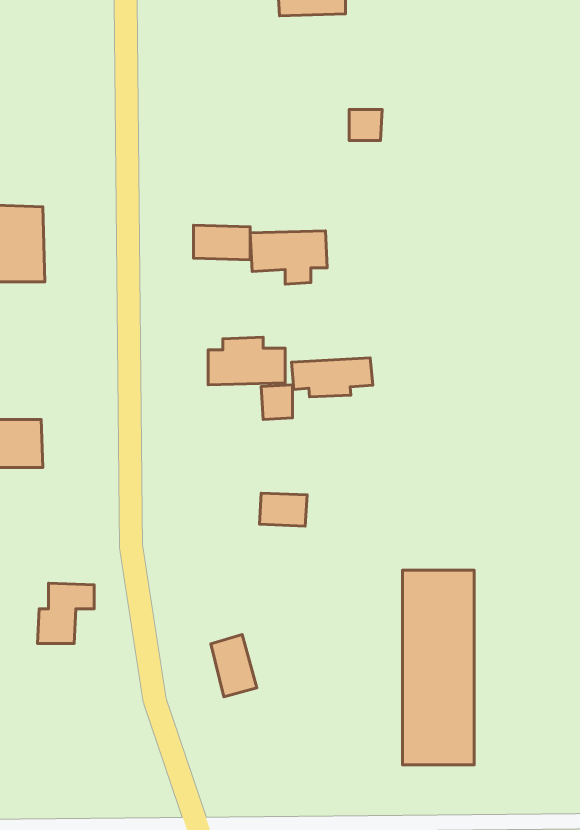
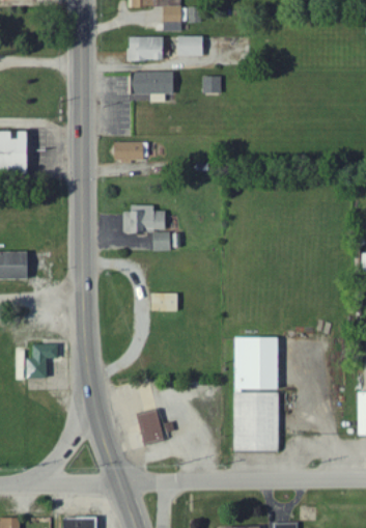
building: none -> [178,35,203,55]
building: none -> [128,36,165,59]
building: [250,231,327,284] -> [131,72,174,102]
building: [291,358,373,397] -> none
building: [211,635,257,697] -> [139,409,165,444]

